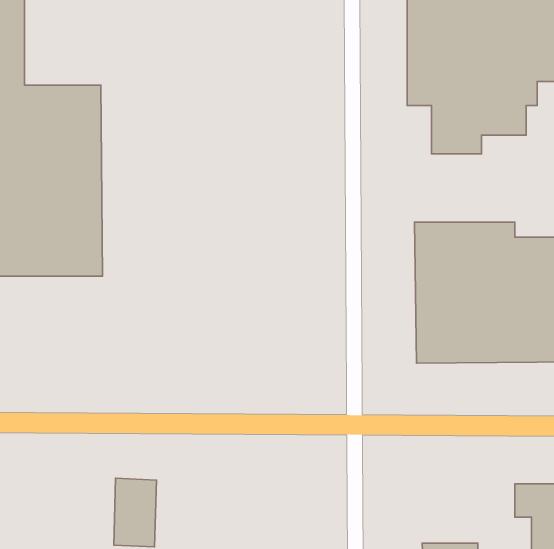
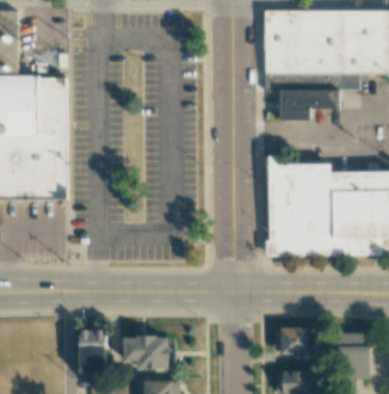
building: none -> [276,327,309,353]
building: none -> [123,335,173,369]

